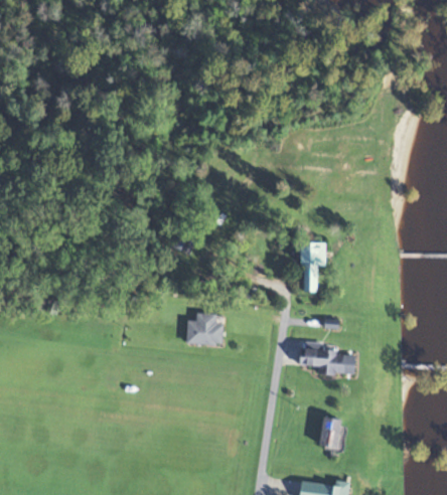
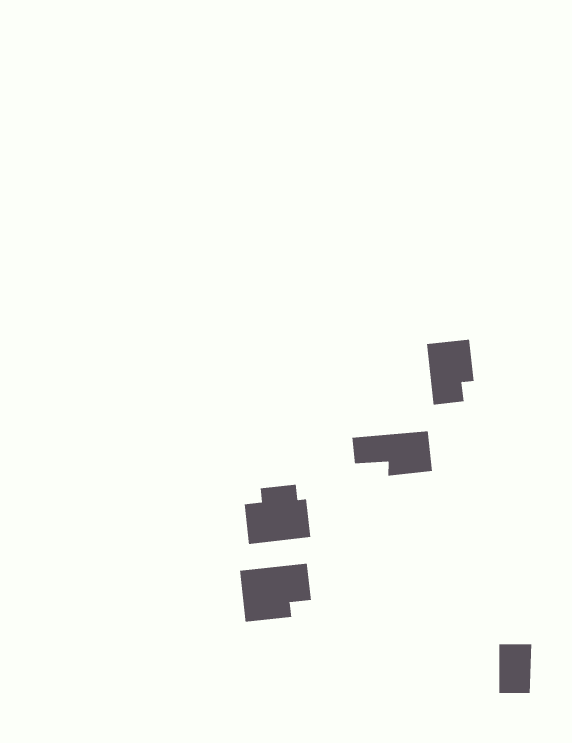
building: [301,349,345,373] -> [351,431,433,476]
building: none -> [239,563,311,623]

